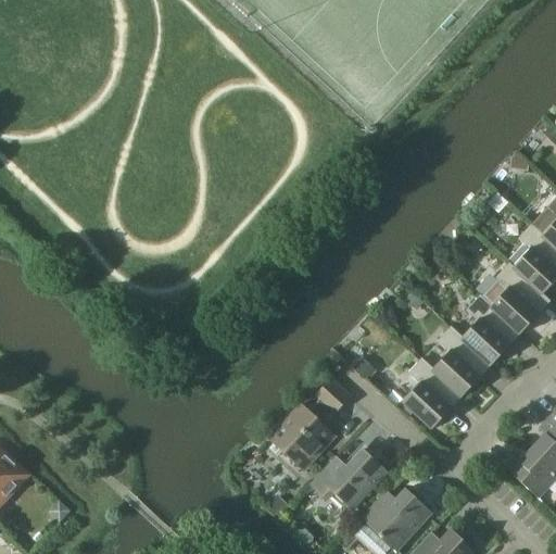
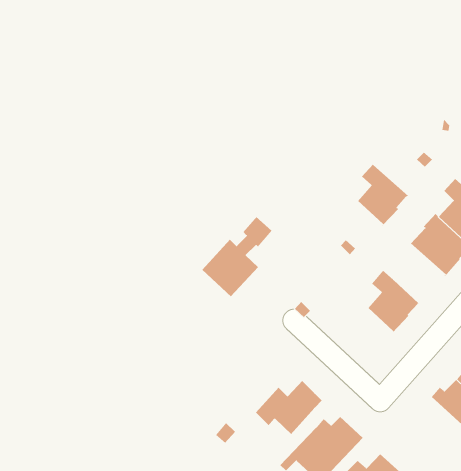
building: [465,294,522,364] -> [357,164,409,226]
building: [396,356,464,427] -> none
building: [270,378,350,468] -> [201,216,273,297]

